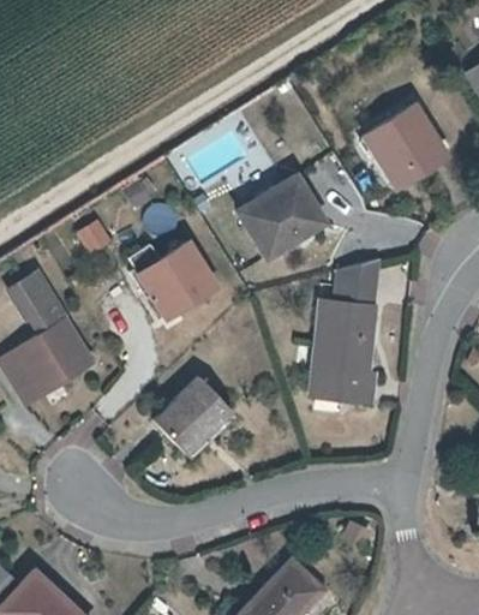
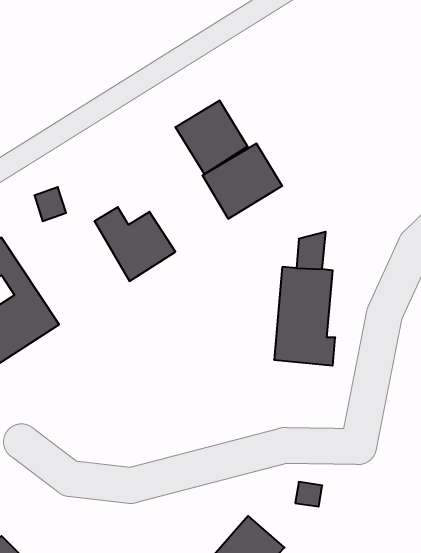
building: [364,107,447,189] -> none
building: none -> [175,100,248,174]
building: [155,381,227,456] -> none

